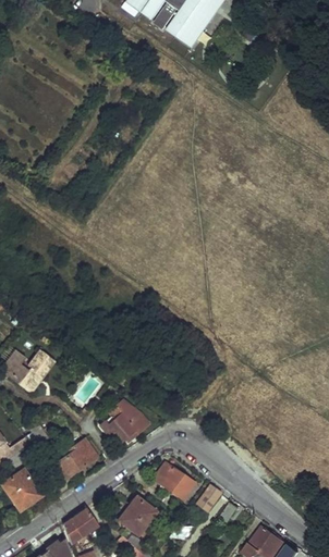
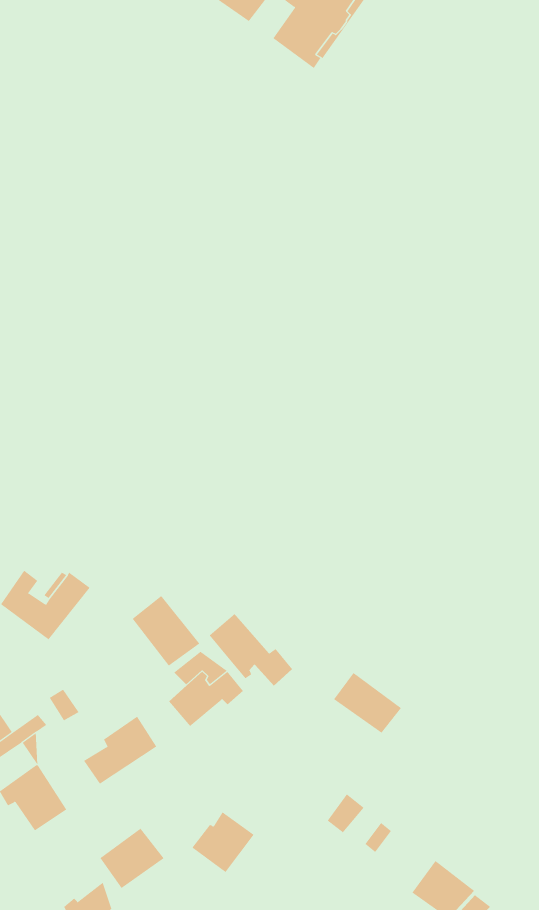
building: none -> [132,595,200,667]
building: none -> [209,613,293,687]
building: [154,462,195,499] -> [333,672,402,734]

